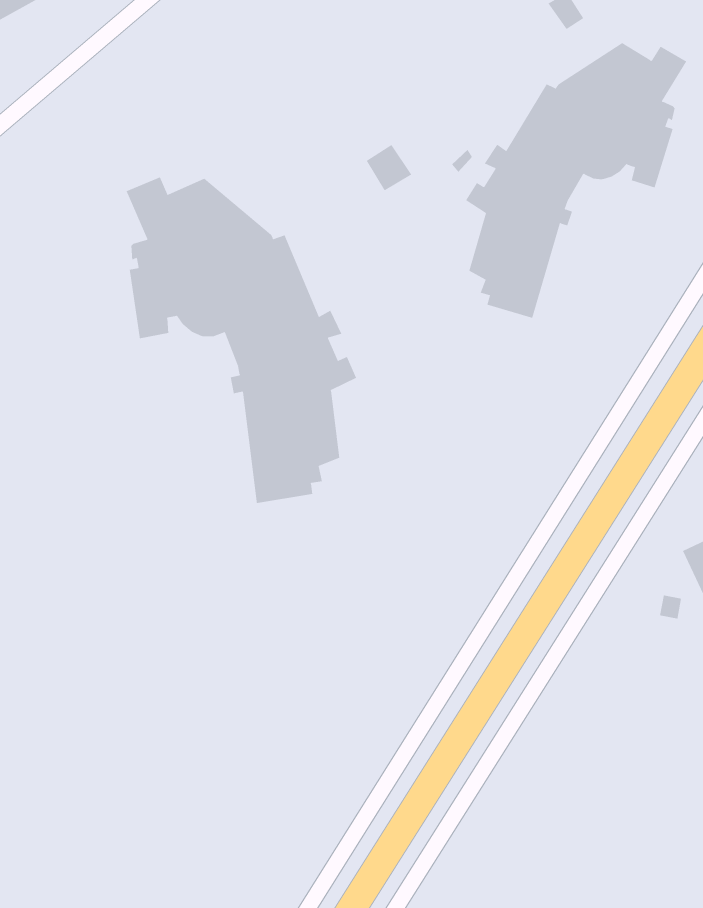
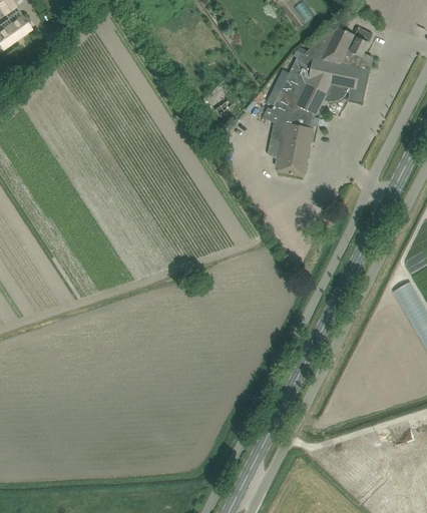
building: [126,177,357,504] -> none

